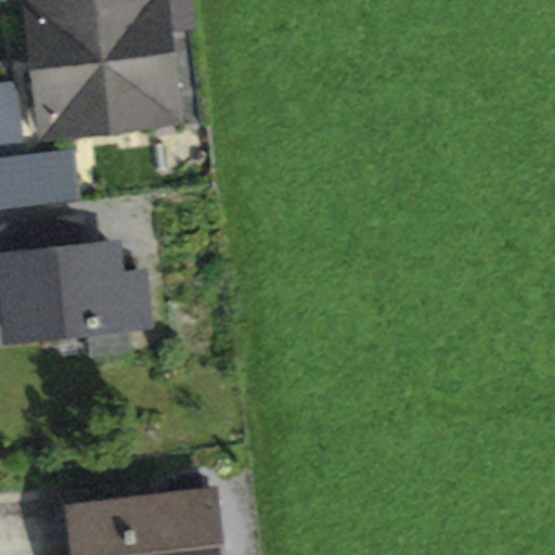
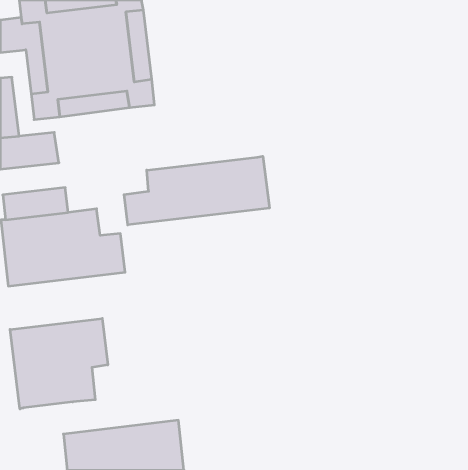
building: none -> [124,156,269,225]
building: none -> [10,318,108,409]

